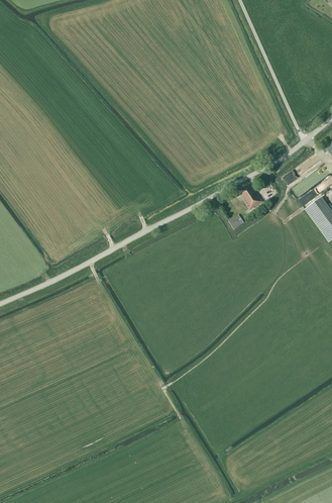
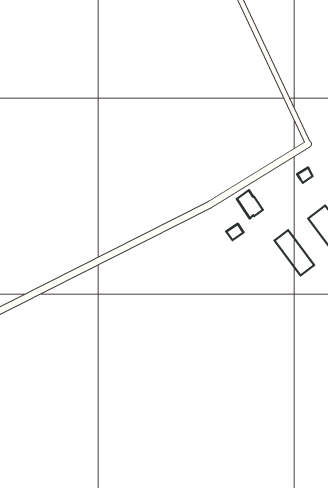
building: none -> [274,230,314,275]

